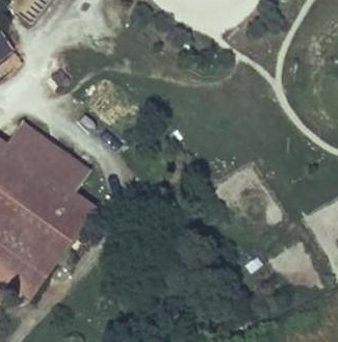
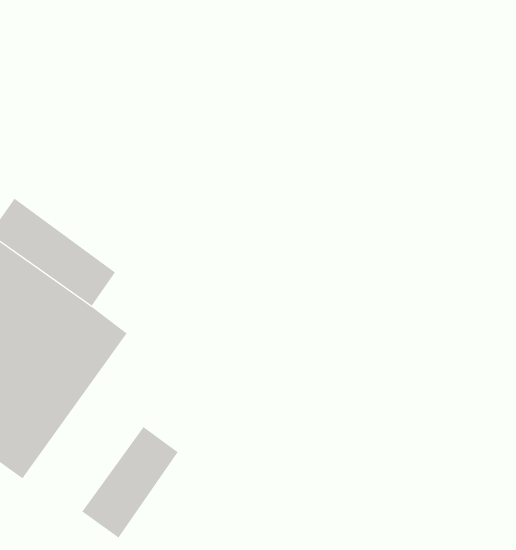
building: none -> [81,426,178,538]

